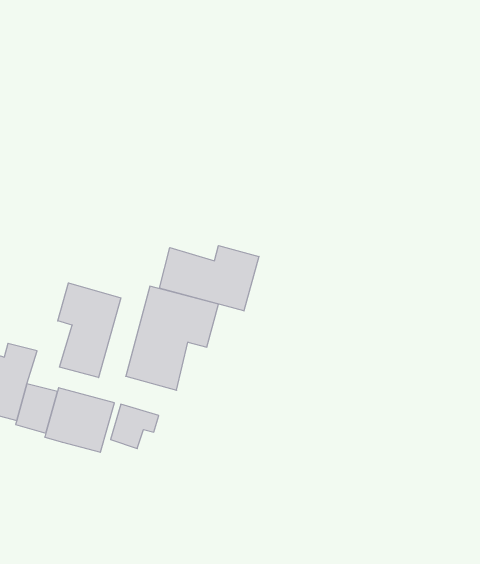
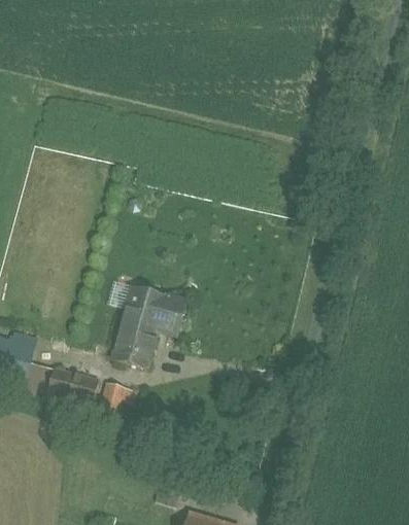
building: [159,246,259,311] -> none
building: [58,283,121,378] -> none

